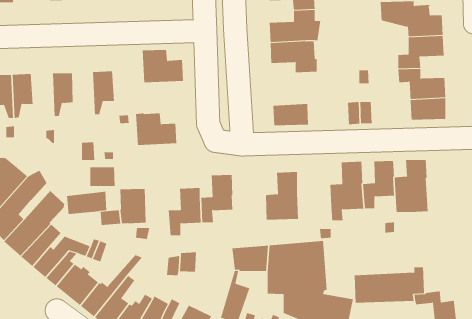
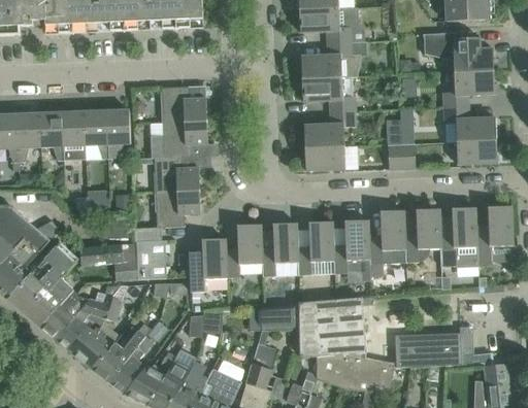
building: none -> [84,110,107,158]
building: none -> [303,110,355,147]
building: none -> [38,111,63,160]
building: none -> [151,121,207,157]
building: none -> [133,190,200,241]
building: none -> [474,205,513,266]
building: none -> [332,219,368,273]
building: none -> [260,223,297,276]

